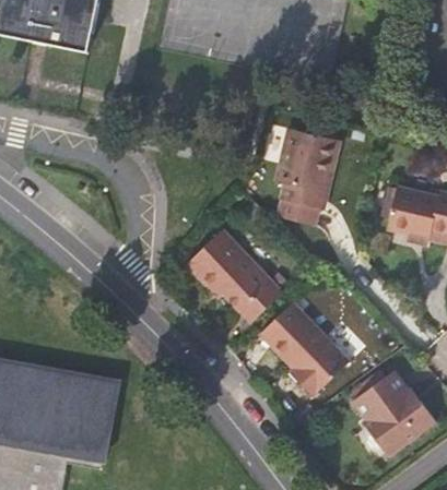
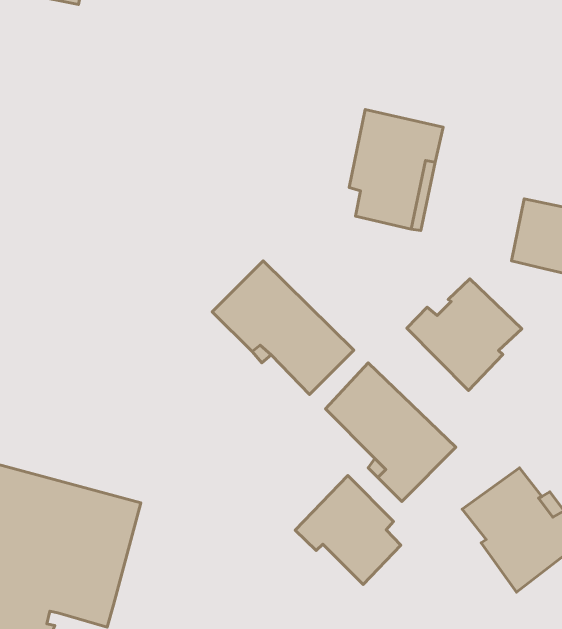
building: none -> [407,279,522,391]
building: none -> [295,475,401,584]

